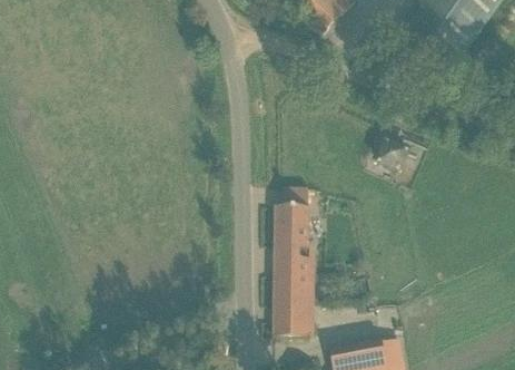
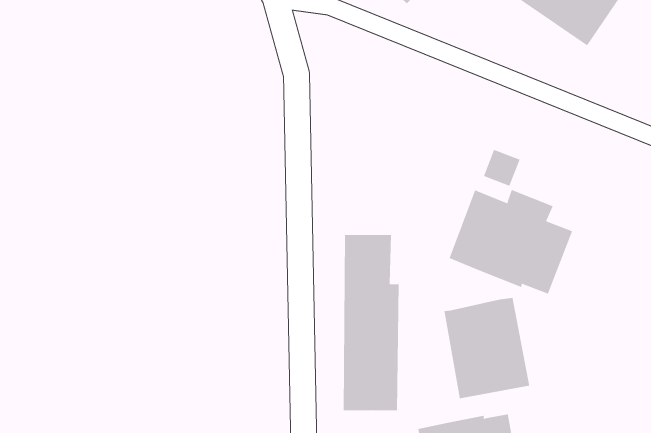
building: none -> [449,189,573,295]
building: none -> [444,297,530,399]

